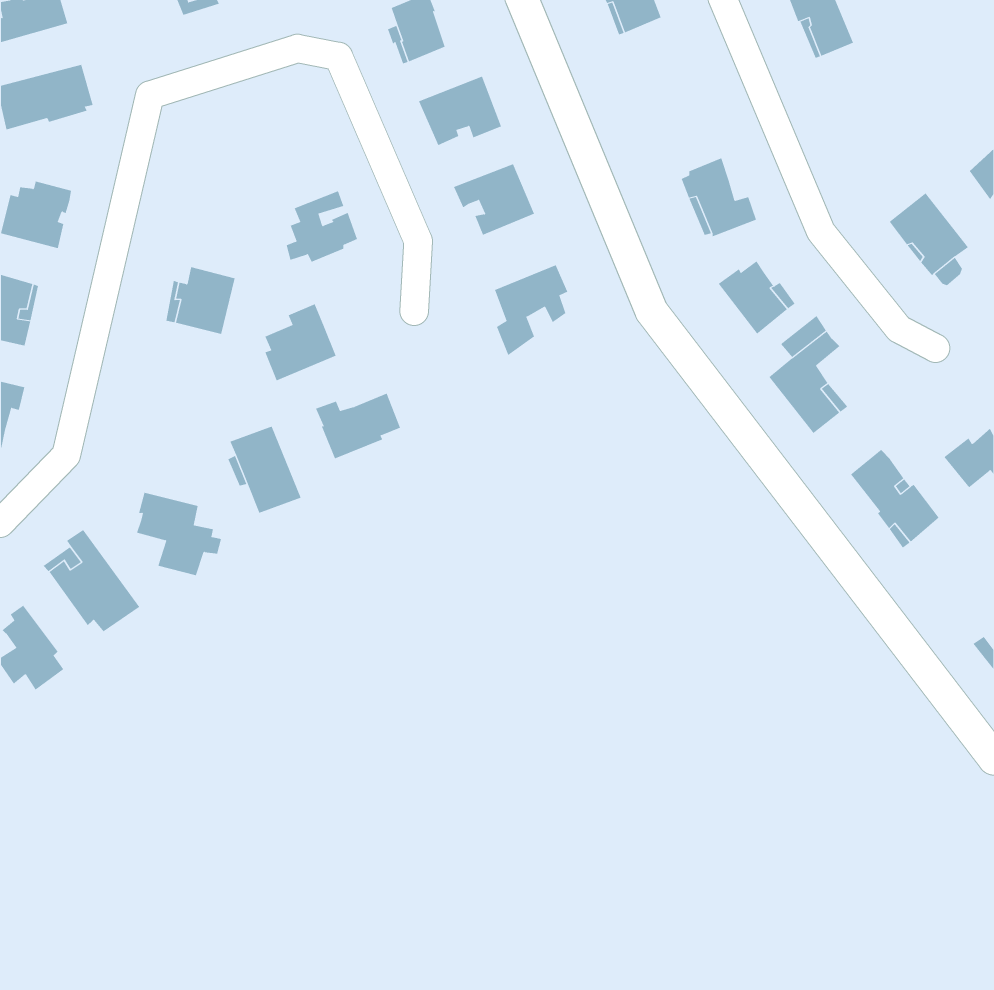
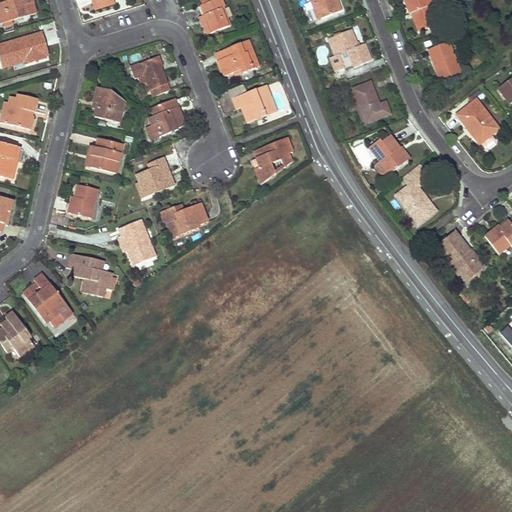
building: none -> [327,28,371,70]
building: none -> [429,41,460,78]
building: none -> [130,55,169,95]
building: none -> [94,86,124,121]
building: none -> [68,184,96,216]

